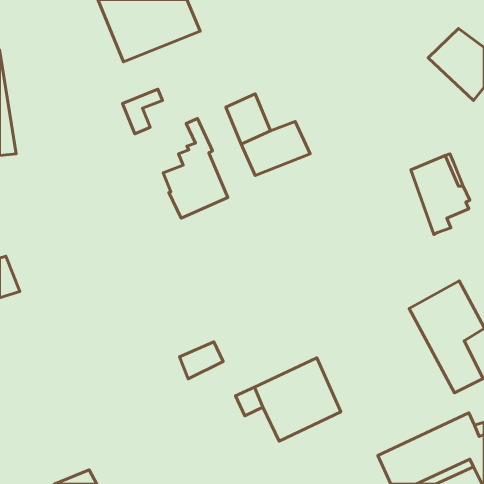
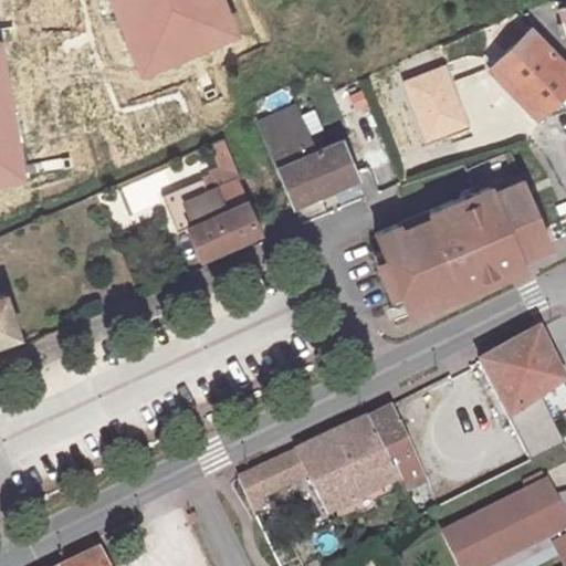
building: none -> [405,67,465,139]
building: [123,89,163,134] -> [167,179,213,231]
building: none -> [380,198,505,311]
building: [180,342,223,379] -> [234,461,285,504]
building: none -> [369,407,422,491]

